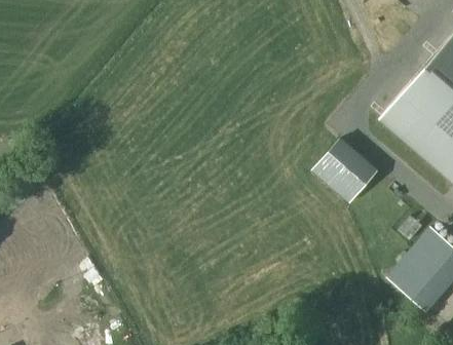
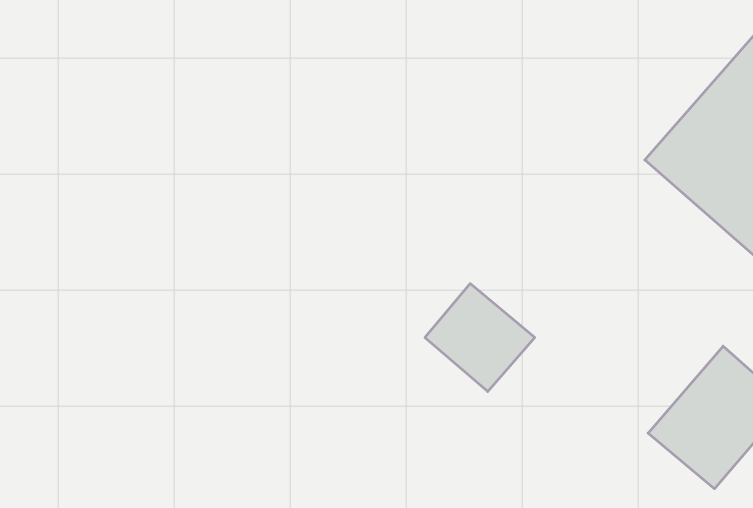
building: [312,139,377,202] -> [425,284,535,392]

